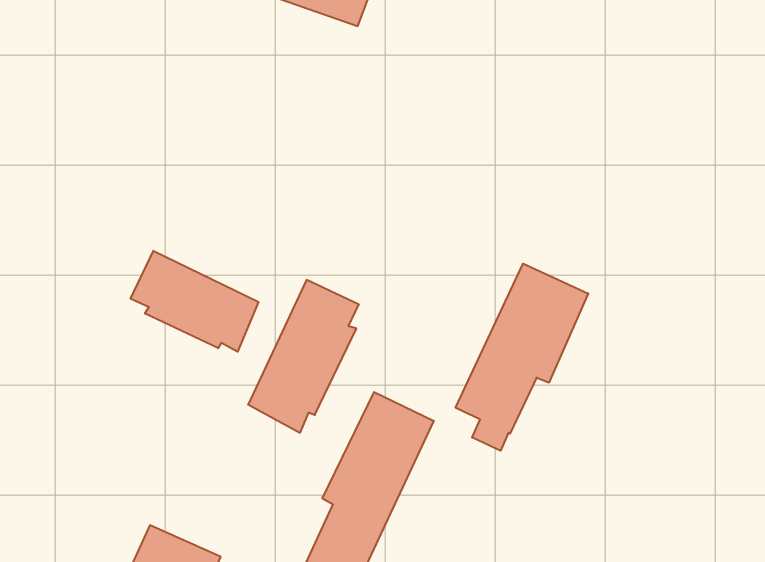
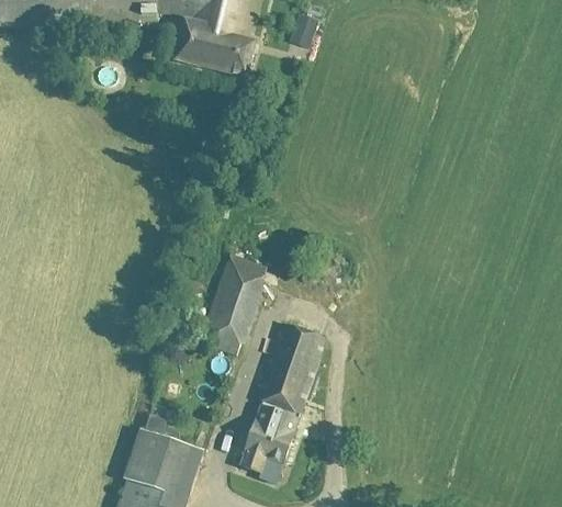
building: [131,251,258,352] -> none
building: [456,264,588,451] -> none

